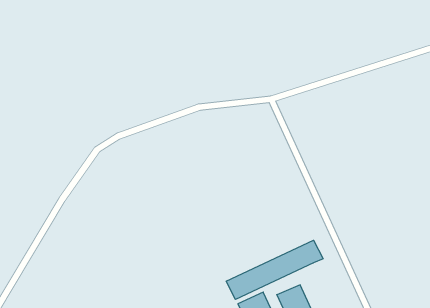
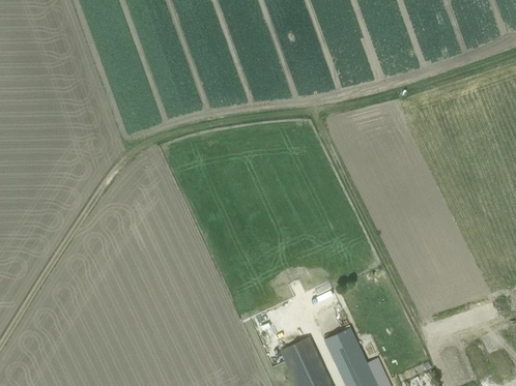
building: [226,240,323,299] -> none

